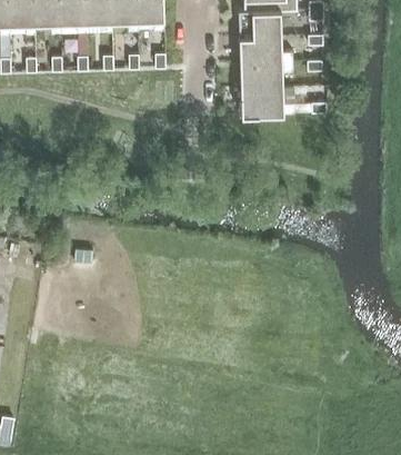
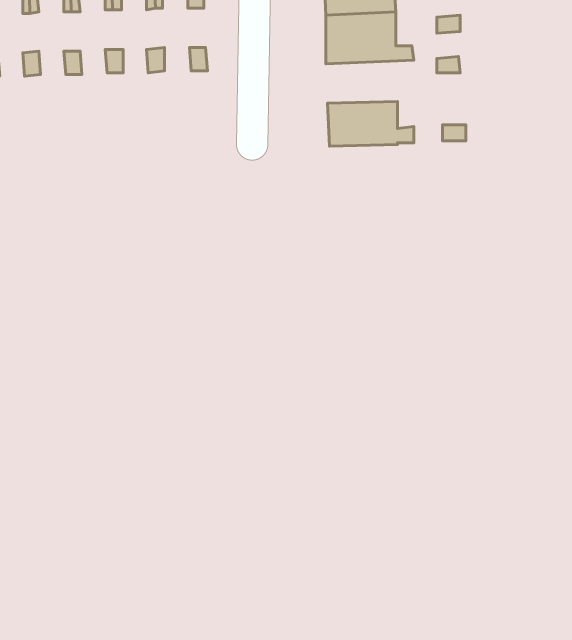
building: [239,66,293,92] -> none

